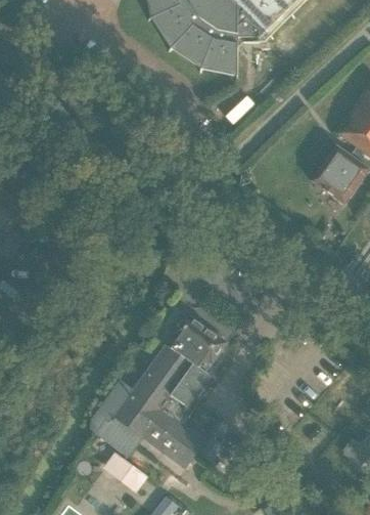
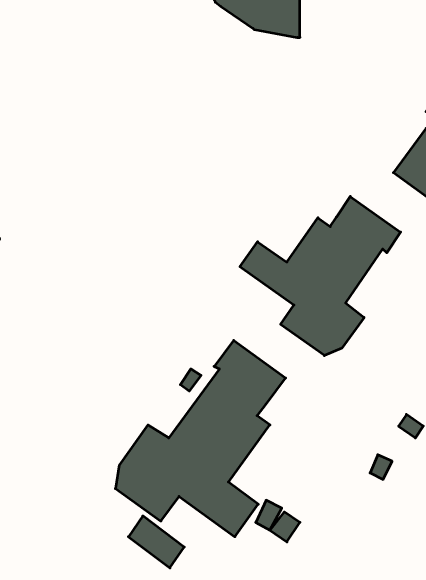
building: none -> [240,196,401,356]

